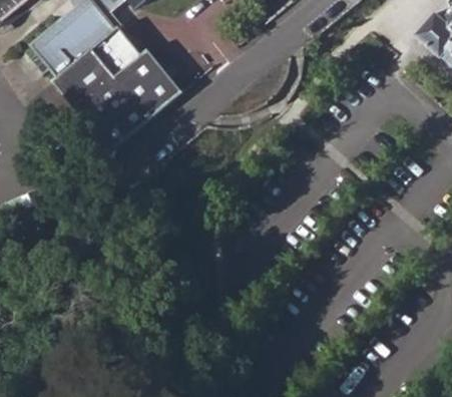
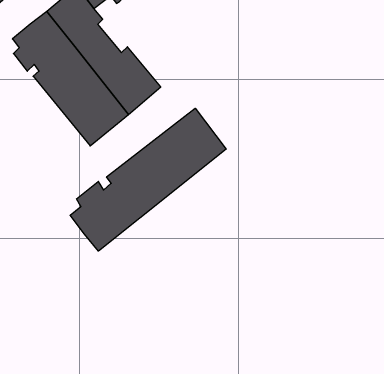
building: none -> [70,108,226,251]

